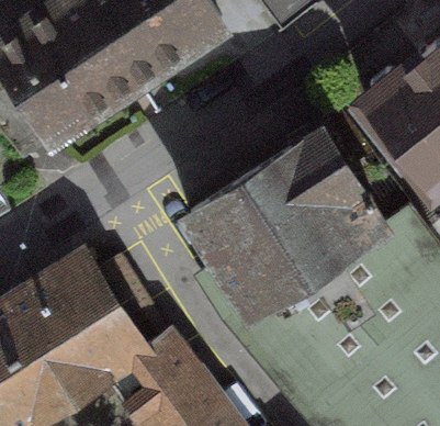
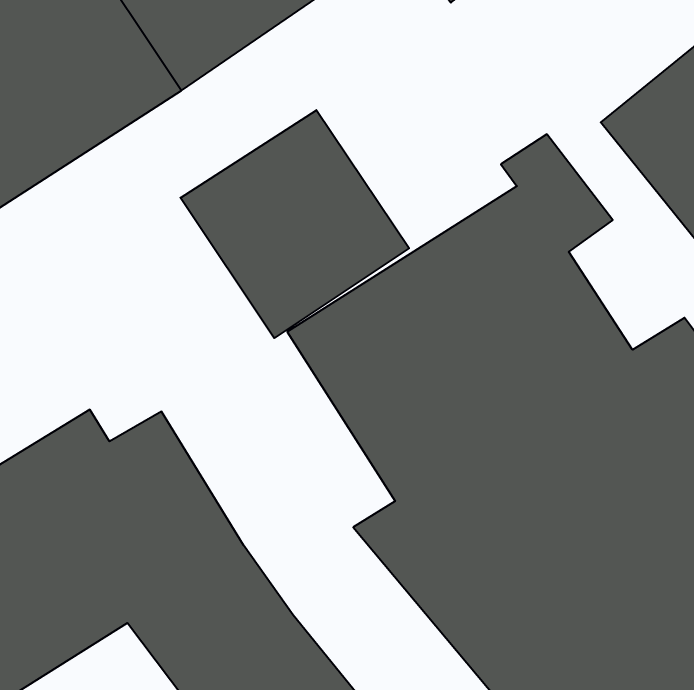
building: none -> [180,110,409,338]

